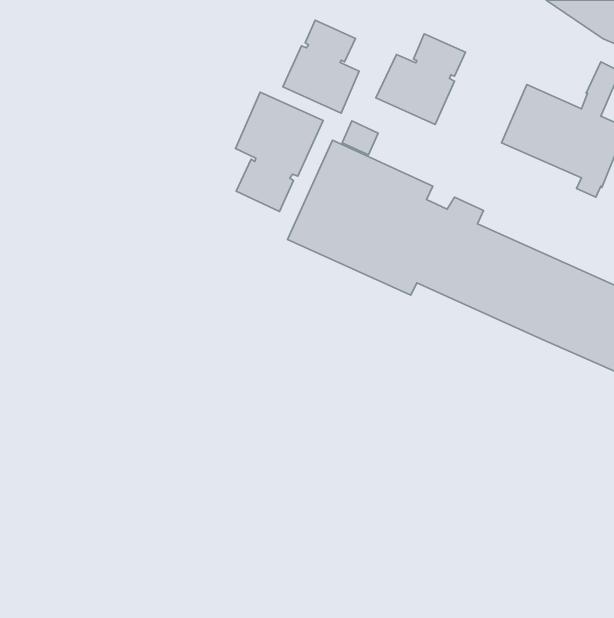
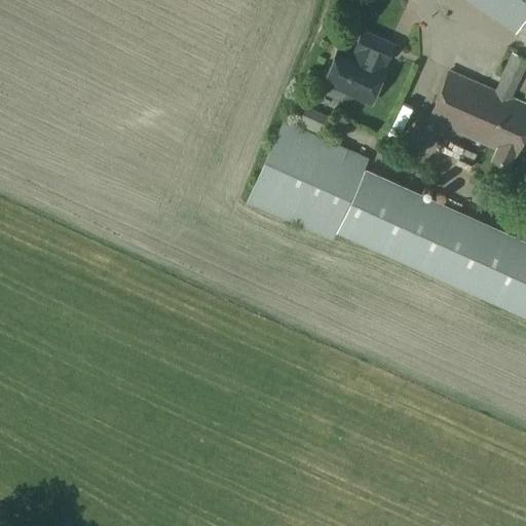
building: [283,20,359,113] -> none
building: [236,92,323,211] -> none

